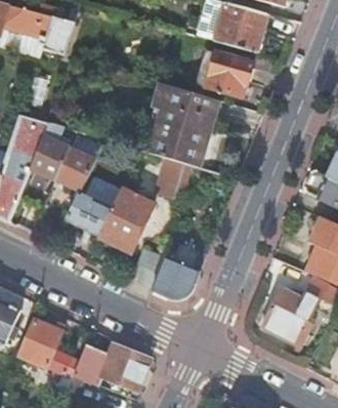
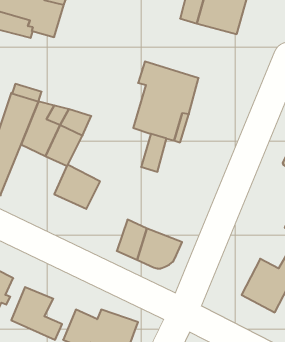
building: [194,50,253,97] -> none
building: [98,190,153,252] -> none

